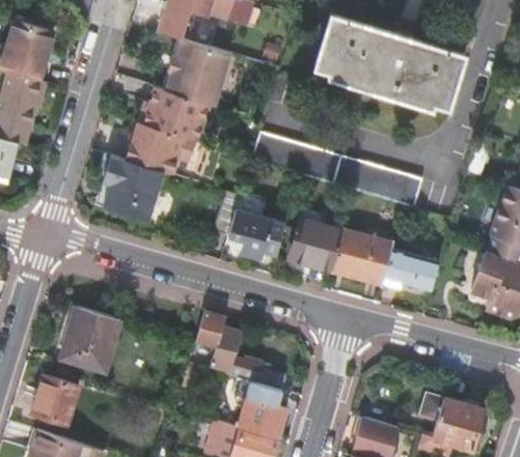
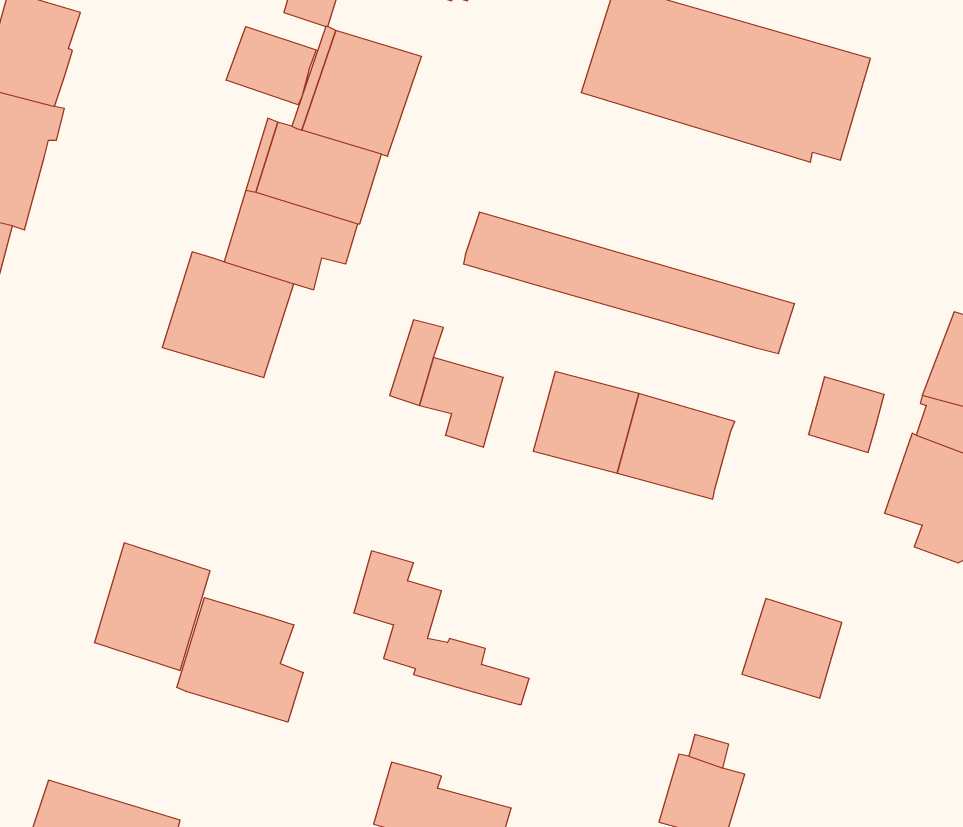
building: none -> [226,27,316,105]
building: [383,249,422,288] -> [808,377,884,452]
building: none -> [177,598,303,722]
building: [32,375,80,425] -> none
building: [238,382,288,438] -> none
building: [431,397,483,449] -> [742,599,842,698]

